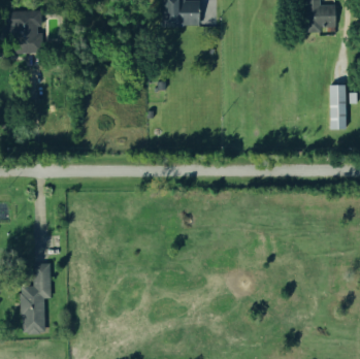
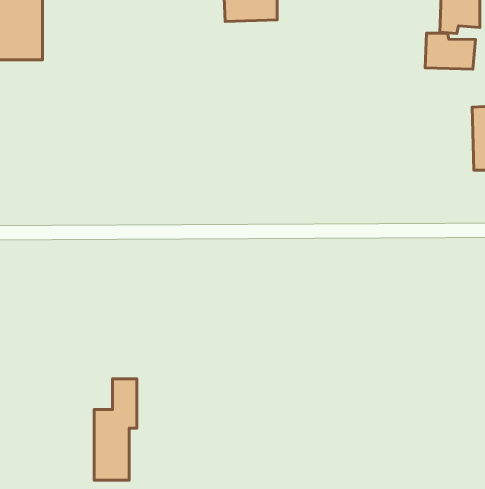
building: none -> [425,33,475,69]
building: [21,265,50,333] -> [94,379,137,480]

